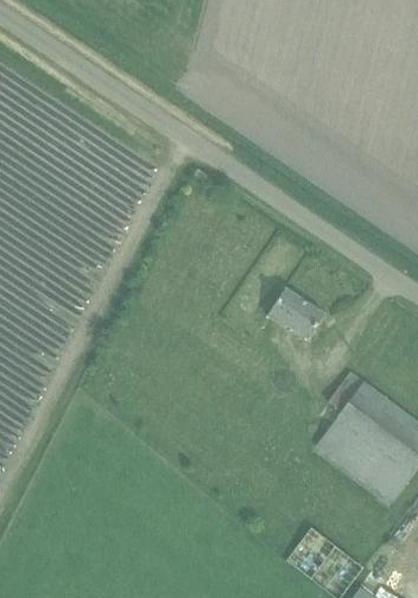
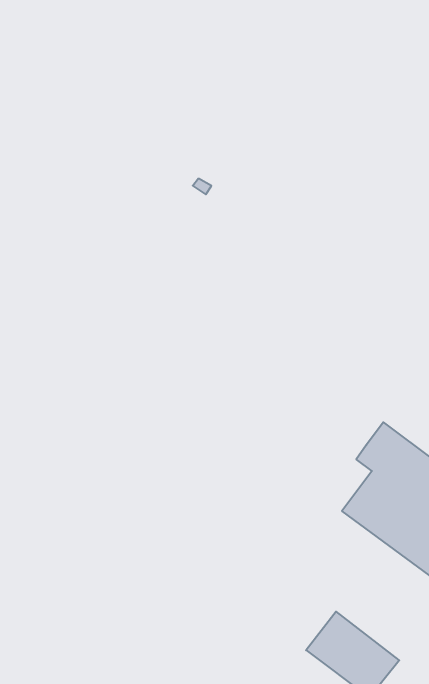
building: [267,287,323,337] -> none

